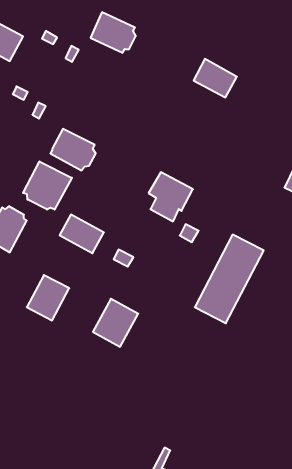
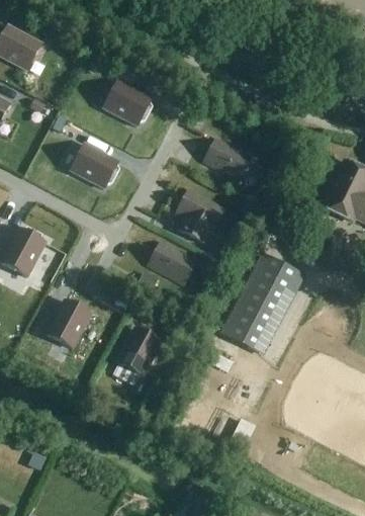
building: [91,12,136,53] -> [104,82,153,125]
building: [194,59,237,97] -> [204,137,251,178]
building: [23,161,72,210] -> none
building: [60,215,104,253] -> [148,241,195,282]

